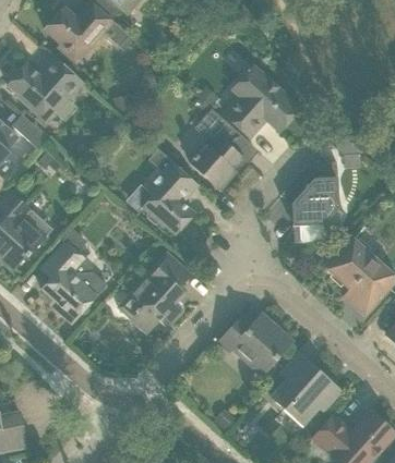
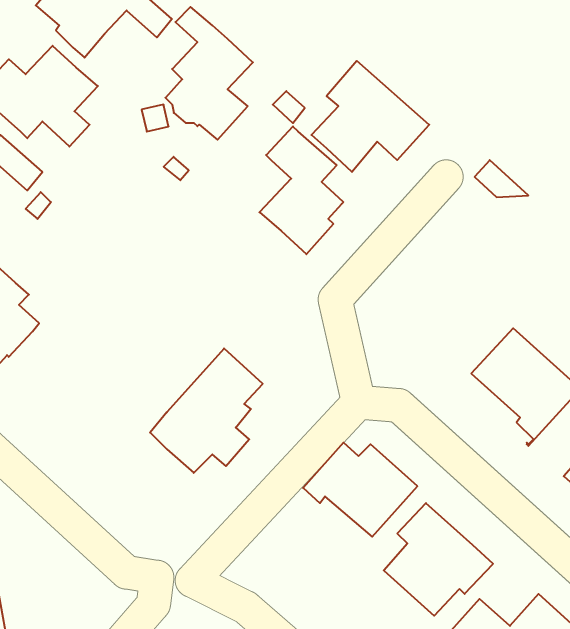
building: [142,148,199,234] -> [165,7,253,140]
building: [282,160,346,230] -> none
building: [40,227,107,324] -> none

